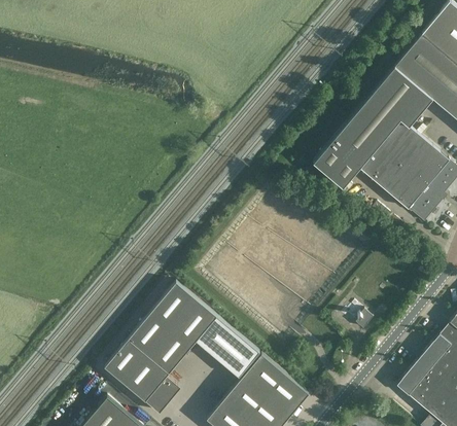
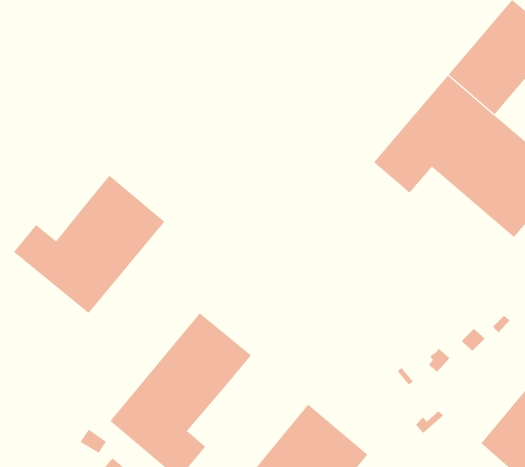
building: none -> [13,175,165,314]
building: [196,316,259,378] -> none

